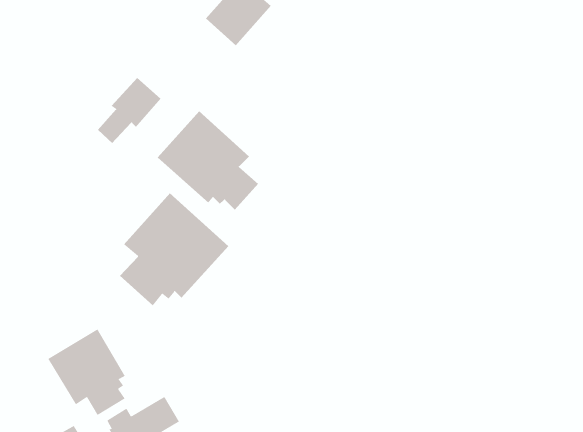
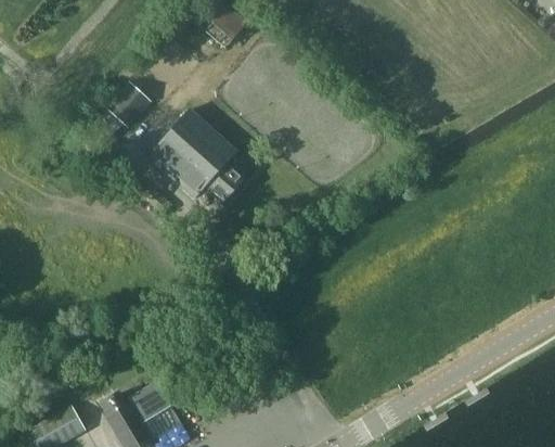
building: [119,192,229,306] -> none
building: [47,329,125,416] -> none

